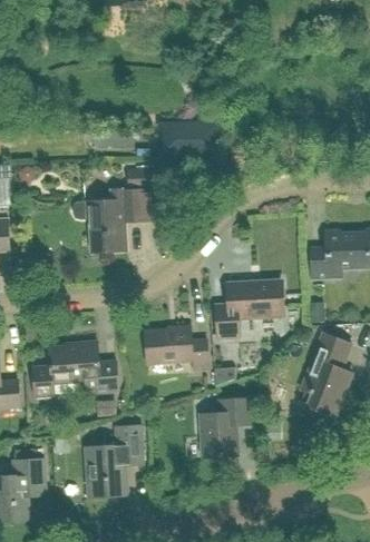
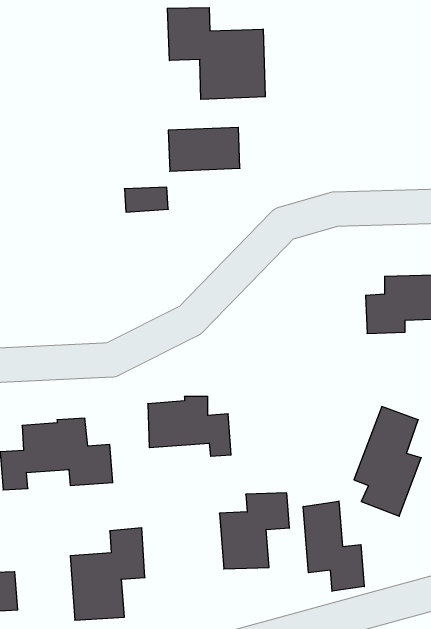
building: none -> [167,8,265,99]
building: [81,187,149,250] -> none
building: [215,279,282,337] -> none
building: none -> [303,501,364,591]

